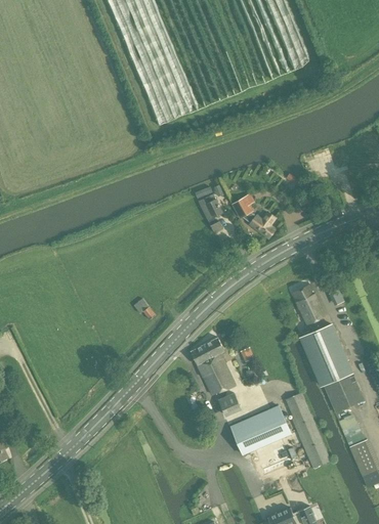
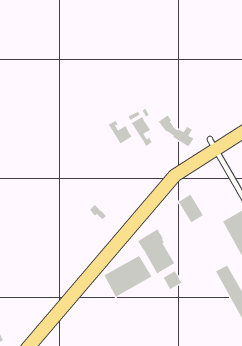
building: none -> [108,120,133,145]
building: [292,286,323,322] -> [178,194,204,223]
building: [229,405,291,455] -> [103,255,152,298]

